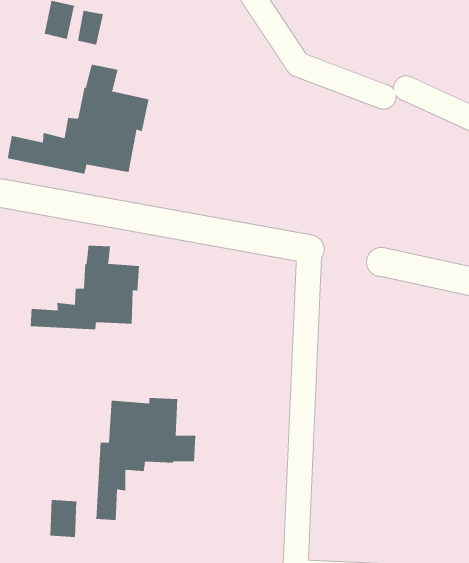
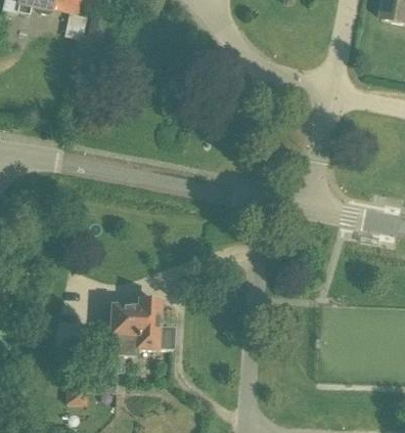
building: [7,64,149,174] -> none
building: [30,245,140,330] -> none

